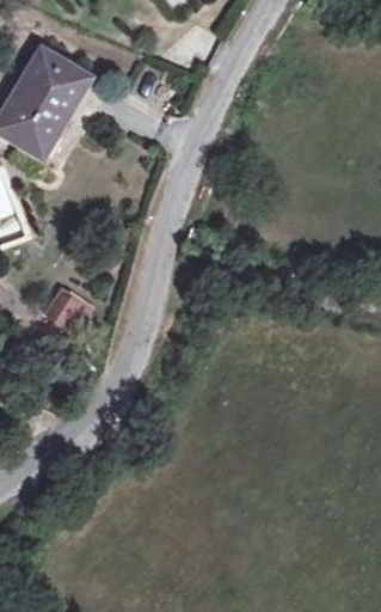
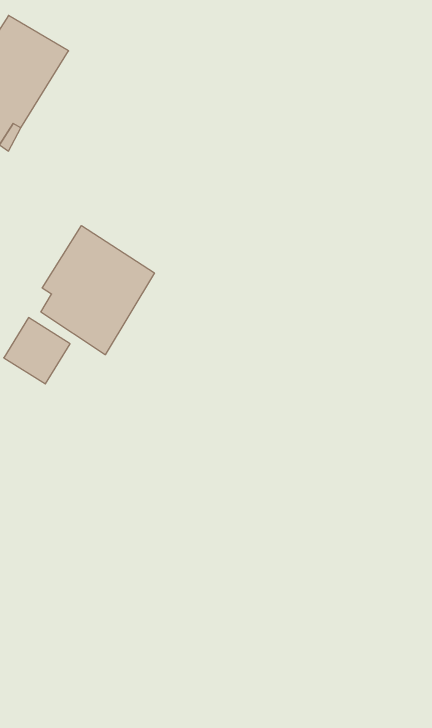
building: none -> [41,226,154,355]

